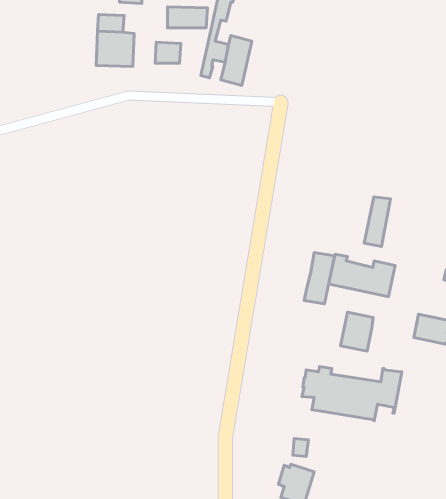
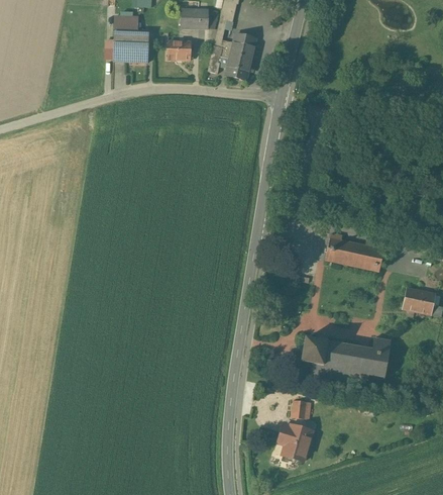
building: [364,197,390,247] -> none
building: [304,252,334,304] -> none
building: [340,312,373,351] -> none

